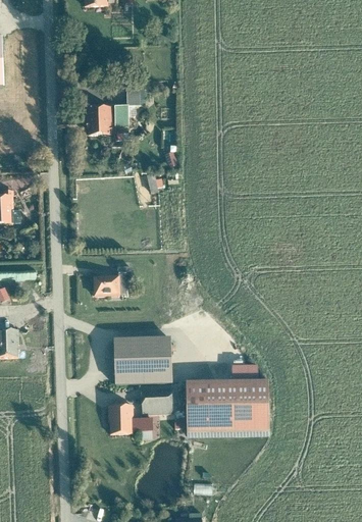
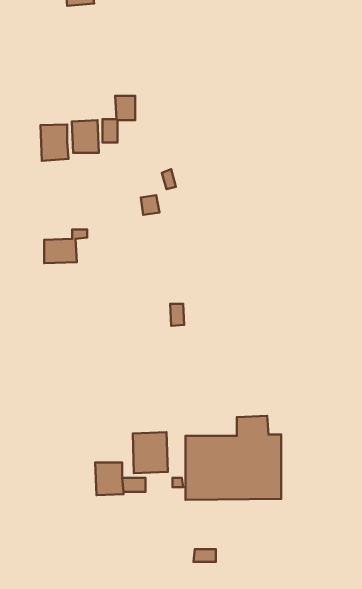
building: none -> [40,124,68,161]
building: [92,266,130,296] -> [44,229,87,263]
building: [115,337,170,379] -> none

